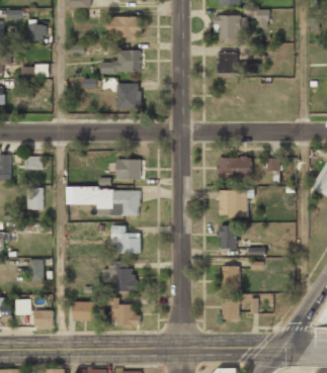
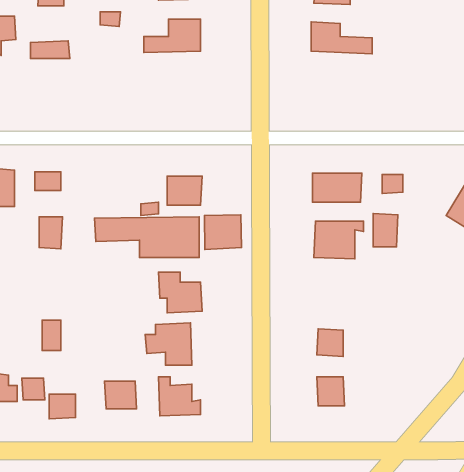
building: [116,83,141,109] -> none
building: none -> [204,215,241,249]
building: [220,224,237,248] -> [373,214,398,247]

